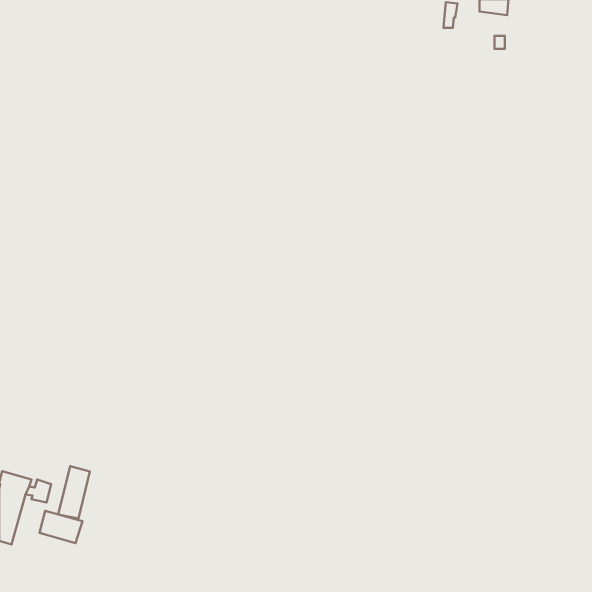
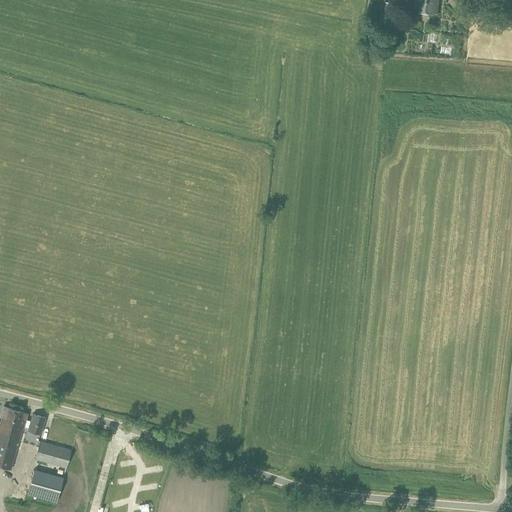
building: [58,466,90,518] -> none
building: none -> [26,469,62,502]

